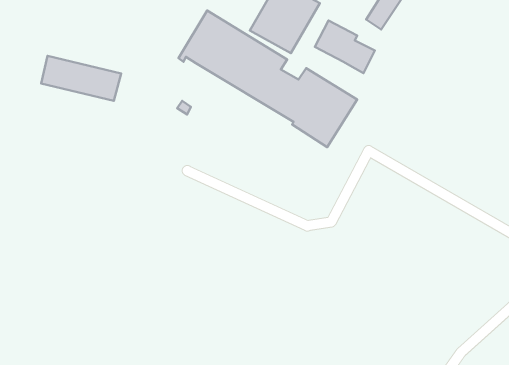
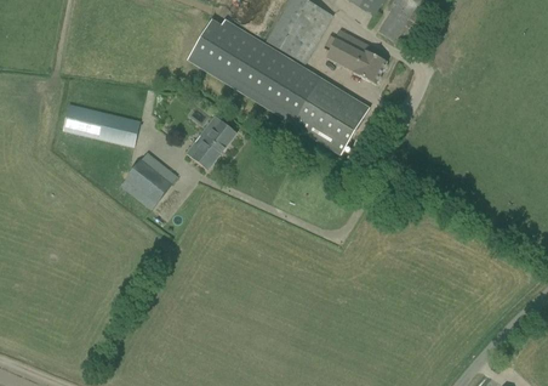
building: [41,56,121,101] -> [63,103,141,147]
building: none -> [187,115,236,169]
building: none -> [121,152,177,209]

